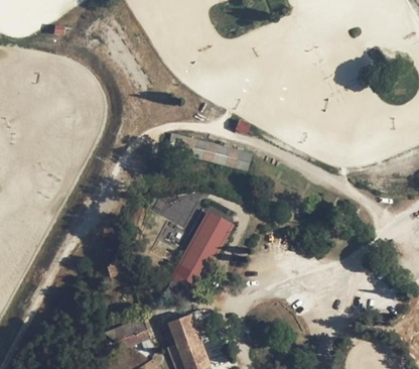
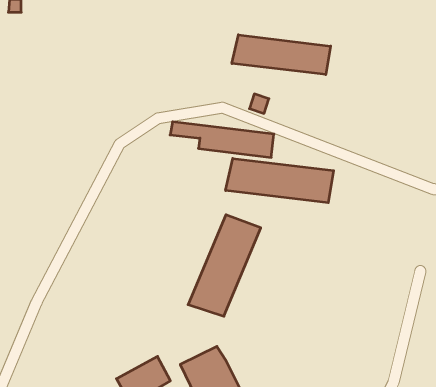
building: none -> [232,35,331,75]
building: none -> [226,158,334,203]

